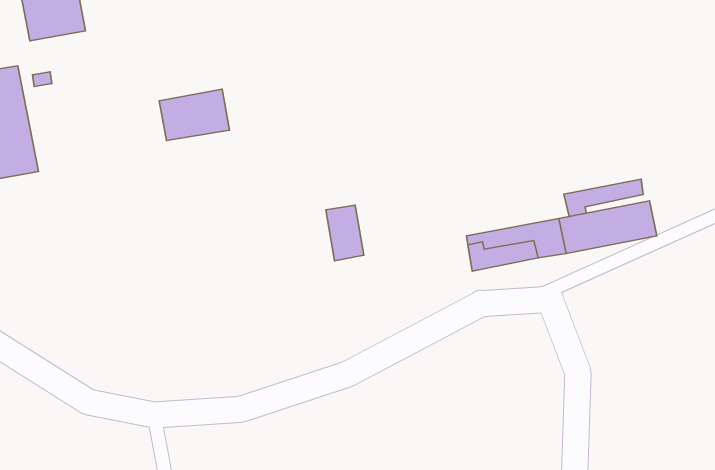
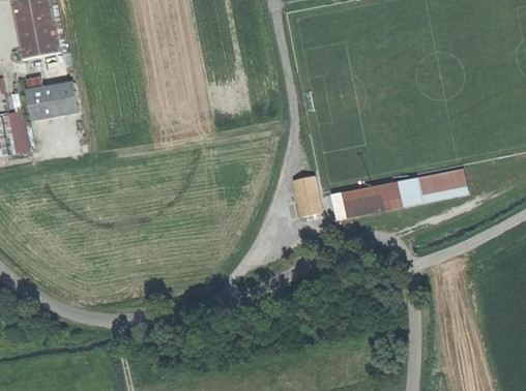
building: [159,89,229,140] -> [26,84,76,120]
building: [564,179,643,216] -> none
building: [326,205,364,261] -> [292,178,319,217]

